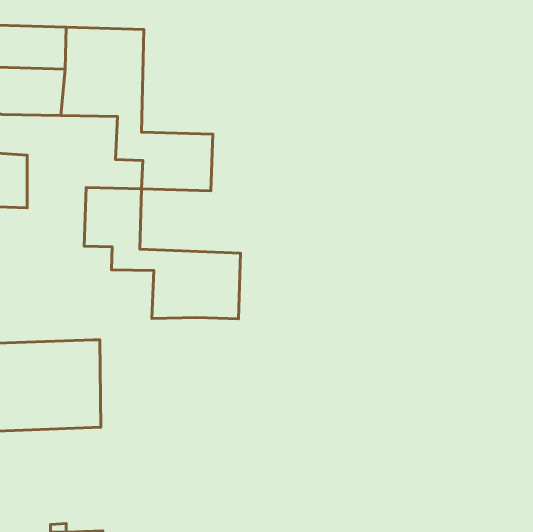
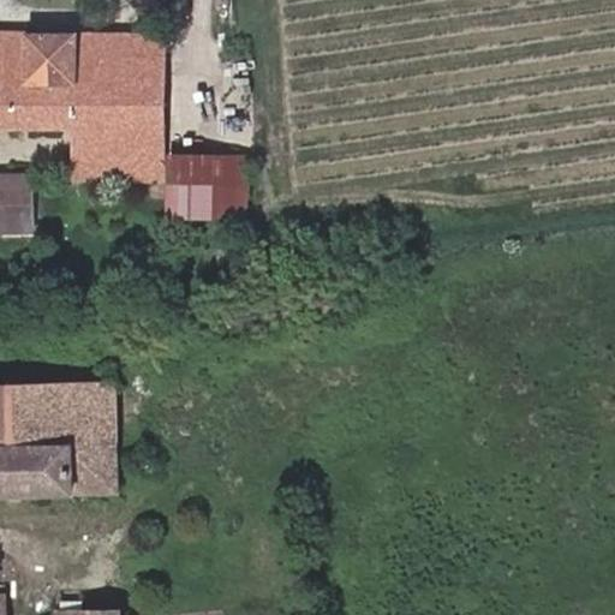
building: none -> [68,132,135,183]
building: [84,188,241,319] -> none

